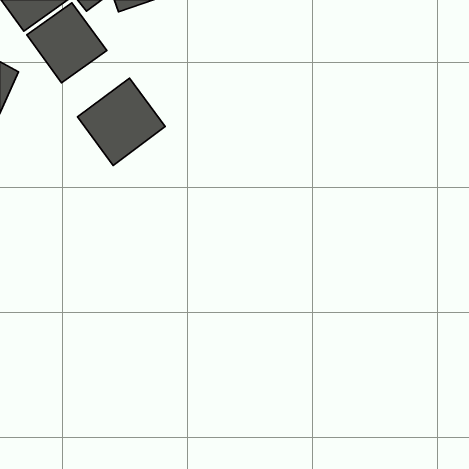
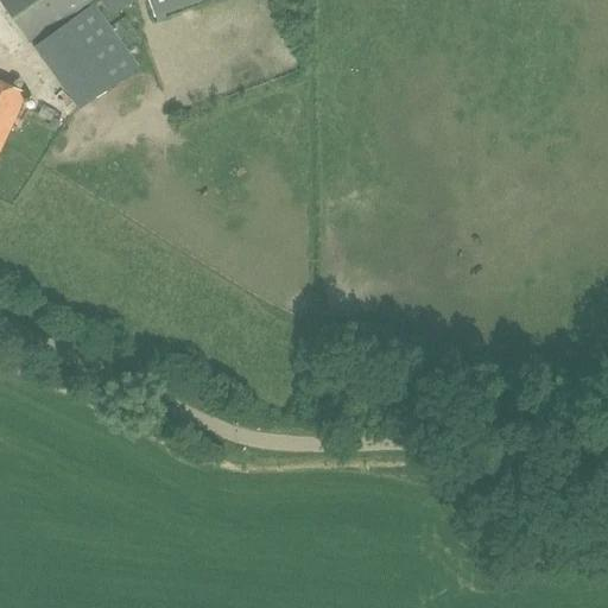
building: [77,78,165,165] -> none

